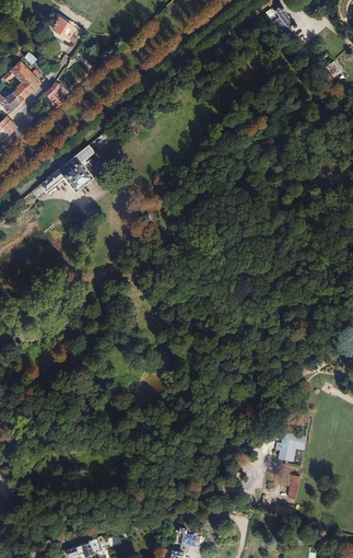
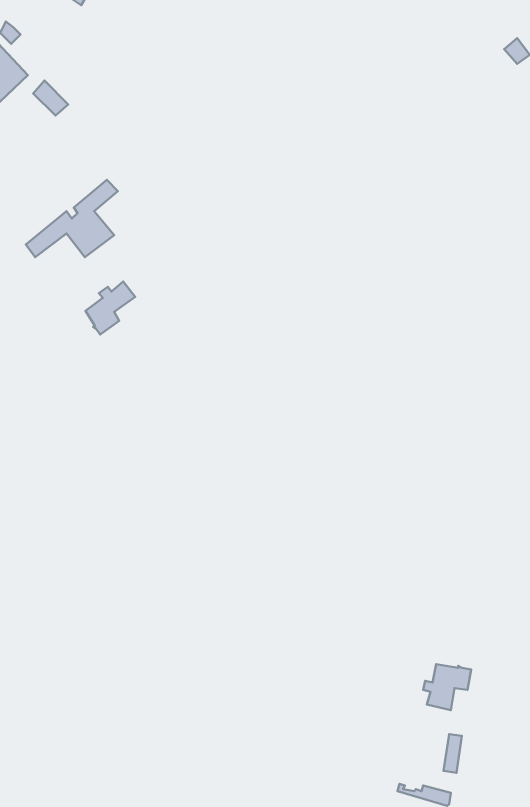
building: none -> [85,282,135,335]

